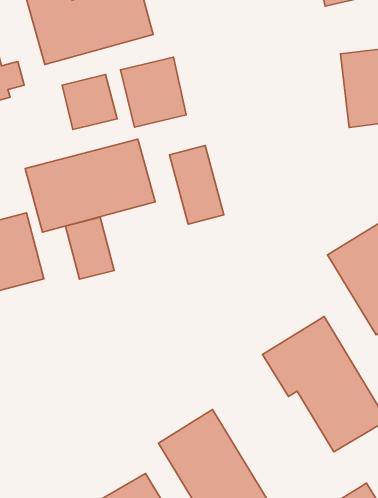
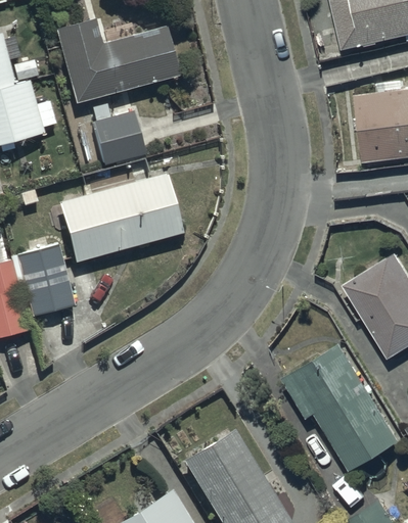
building: [120,57,186,127] -> none
building: [170,146,224,224] -> none
building: [66,217,114,279] -> none

